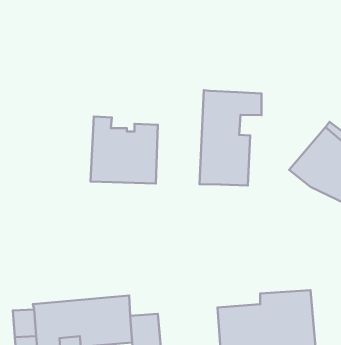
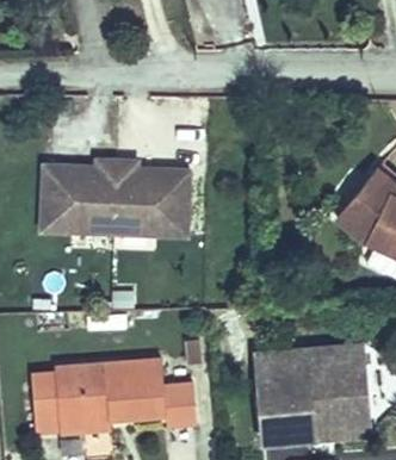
building: [199,90,261,186] -> none
building: none -> [43,160,119,234]
building: none -> [255,342,361,374]

